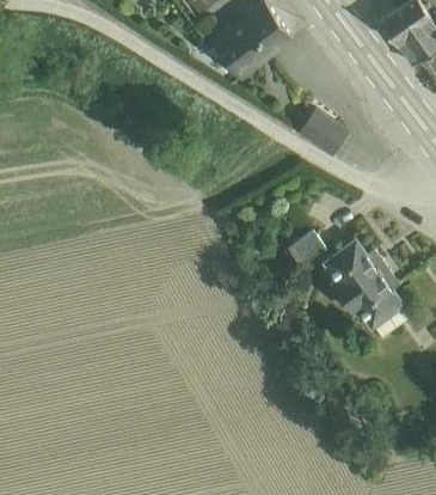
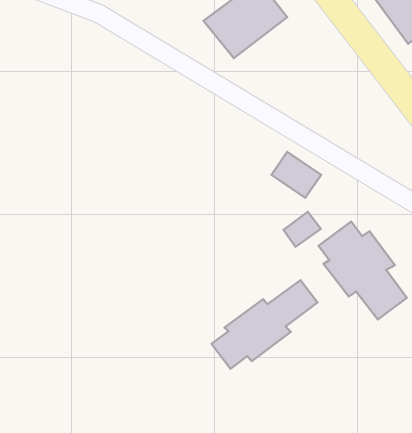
building: [297,109,346,154] -> [271,152,321,198]
building: none -> [212,280,317,369]

